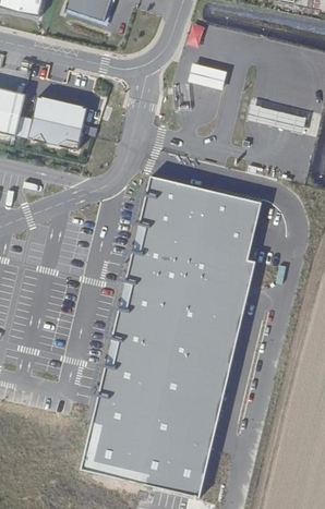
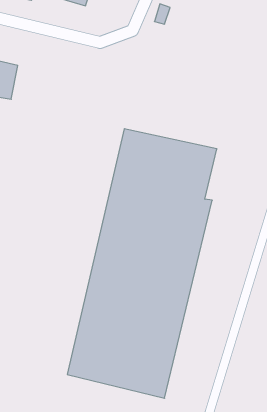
building: [31,96,87,150] -> none

